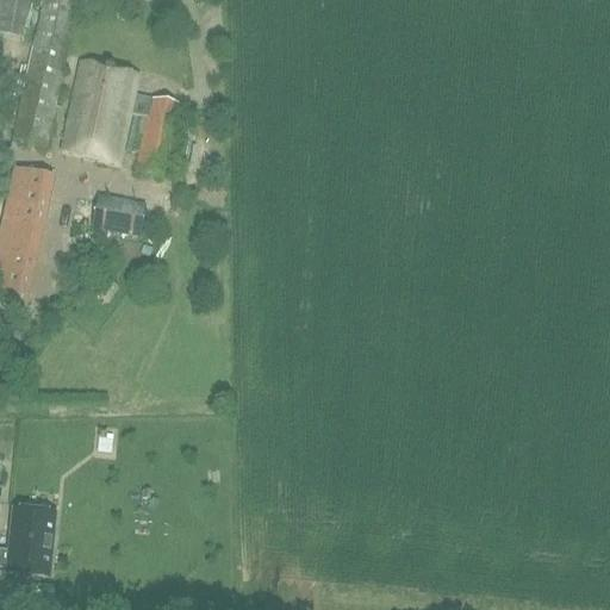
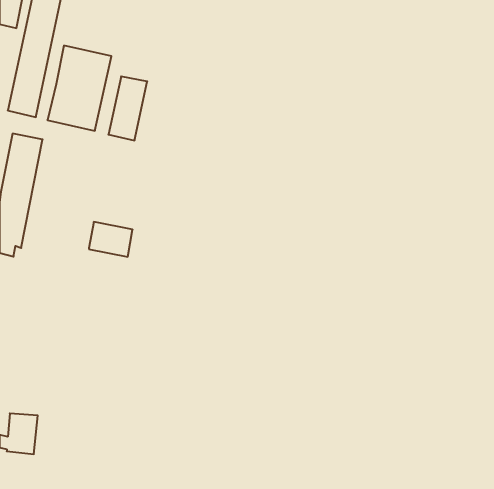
building: [91,191,144,234] -> [89,222,133,257]

